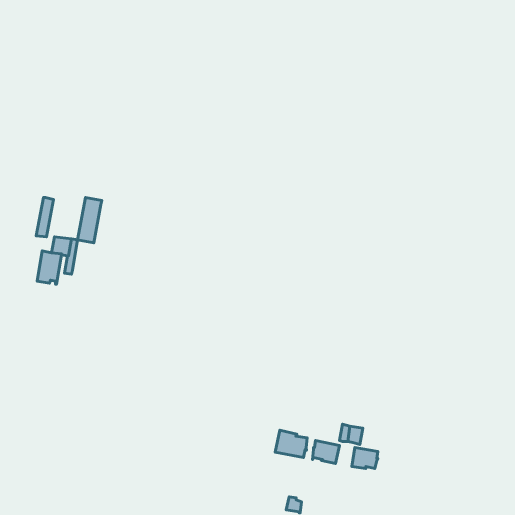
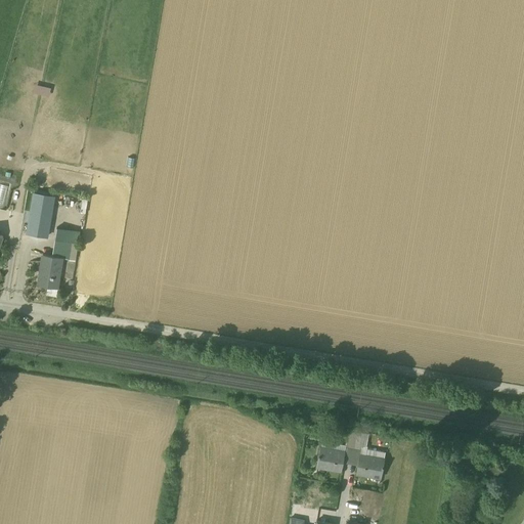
building: [78,198,102,243] -> [20,193,45,239]
building: [275,430,307,458] -> none

